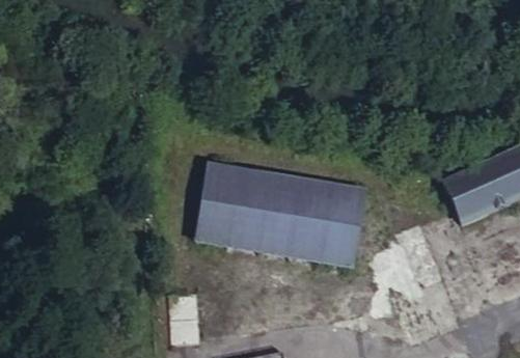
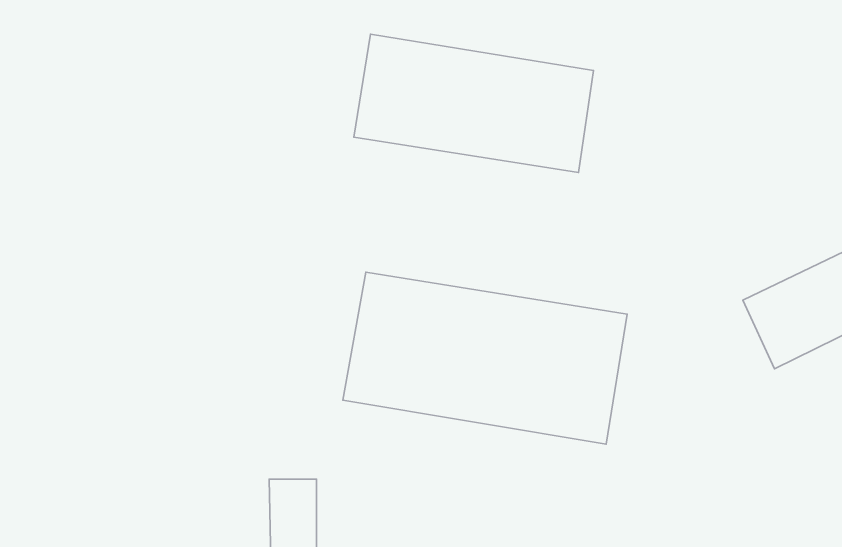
building: none -> [354,34,593,173]

